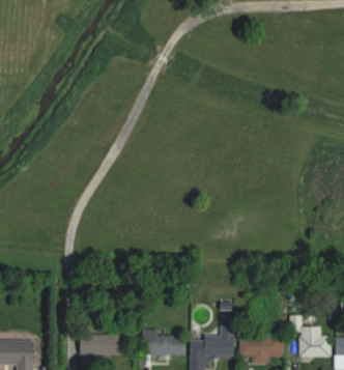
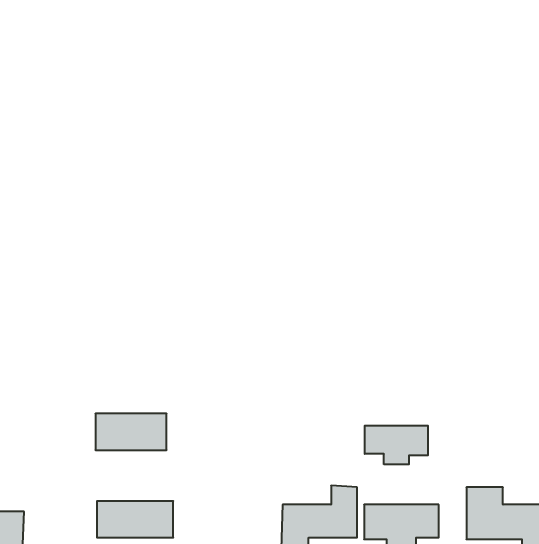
building: none -> [365,426,428,464]
building: [142,333,184,354] -> [95,414,167,450]

